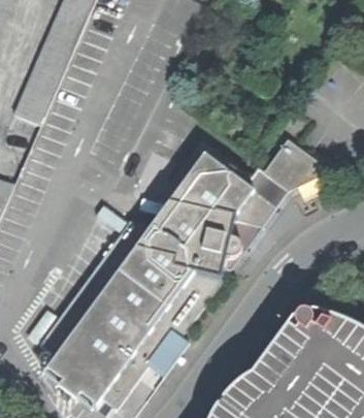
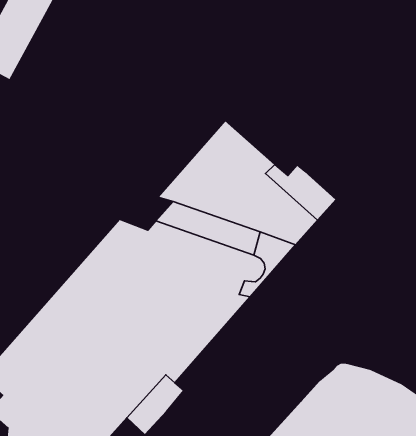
building: [262,139,329,191] -> none

